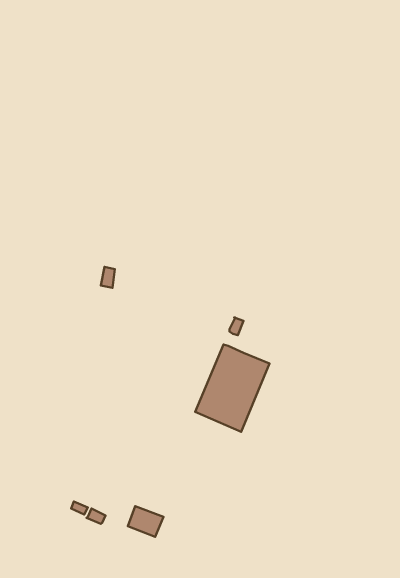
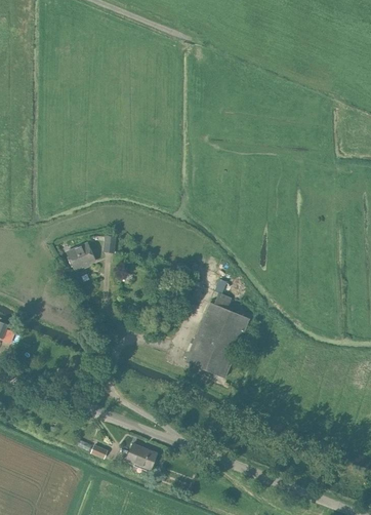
building: none -> [66,241,96,271]

